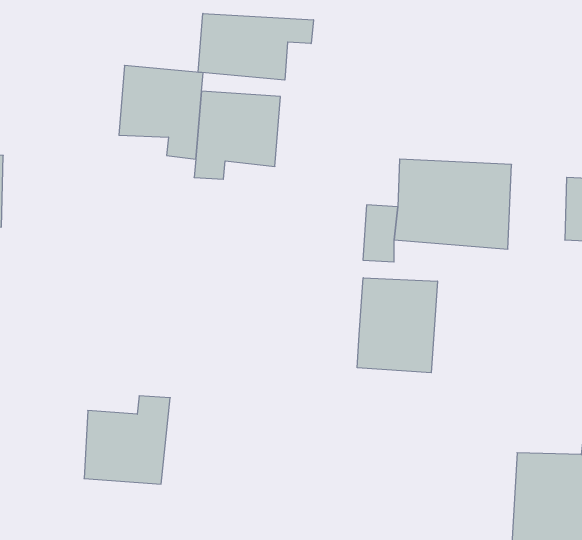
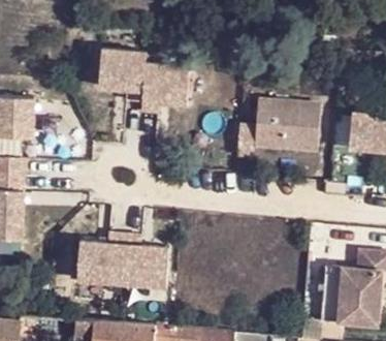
building: [198,13,313,80] -> none
building: [357,278,437,373] -> none
building: none -> [122,238,170,289]

